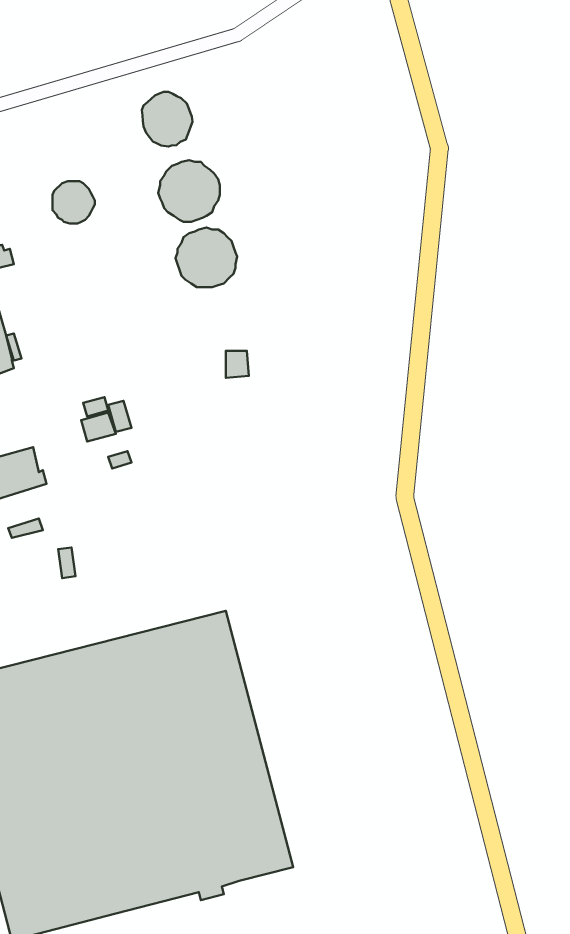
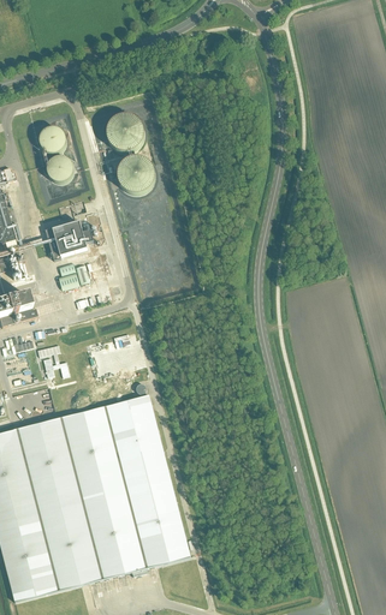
building: [142,92,192,147] -> none
building: none -> [47,155,73,181]
building: none -> [44,221,93,258]

